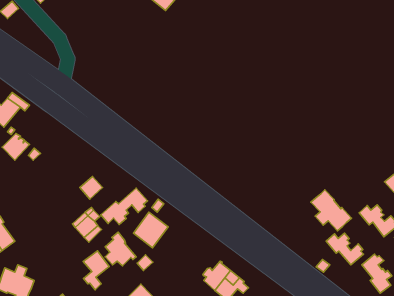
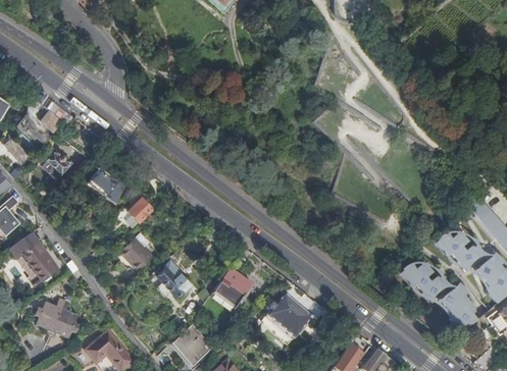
building: none -> [86,170,124,206]
building: [101,188,147,225] -> none
building: [311,190,352,231] -> none
building: [133,212,168,248] -> [213,268,252,308]
building: [83,251,109,290] -> none

